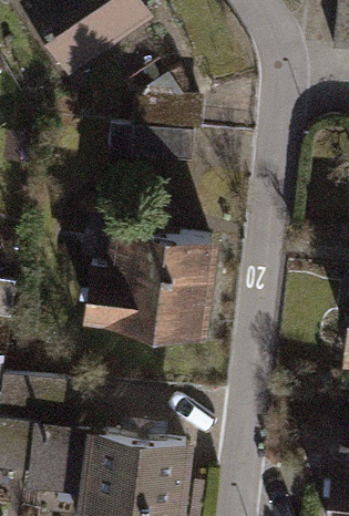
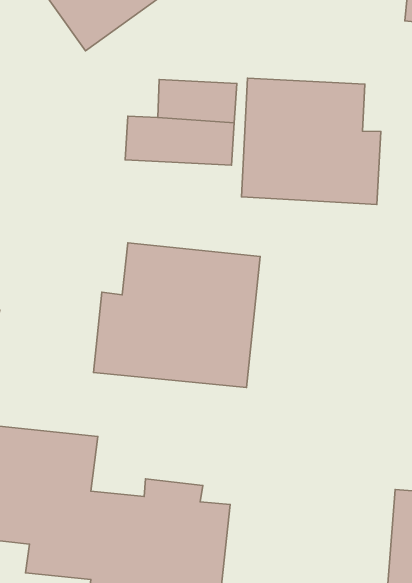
building: none -> [242,78,381,204]

